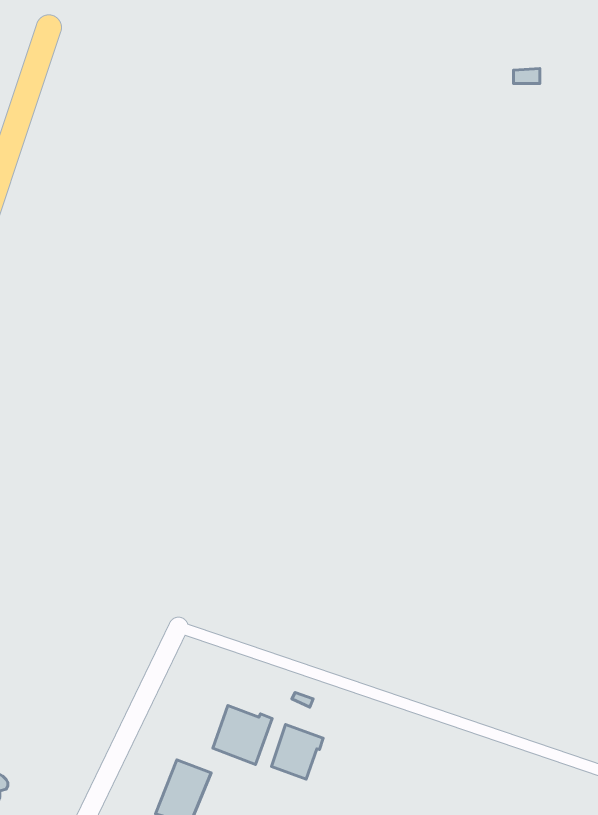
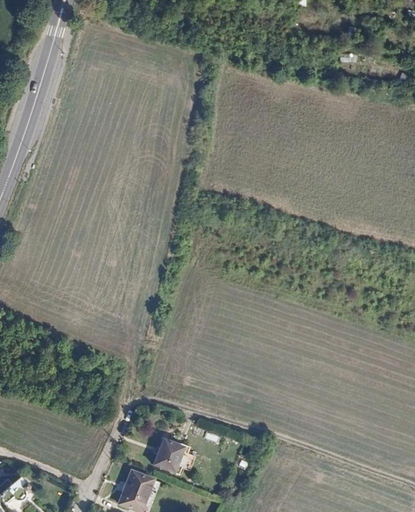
building: [271,725,323,779] -> none

